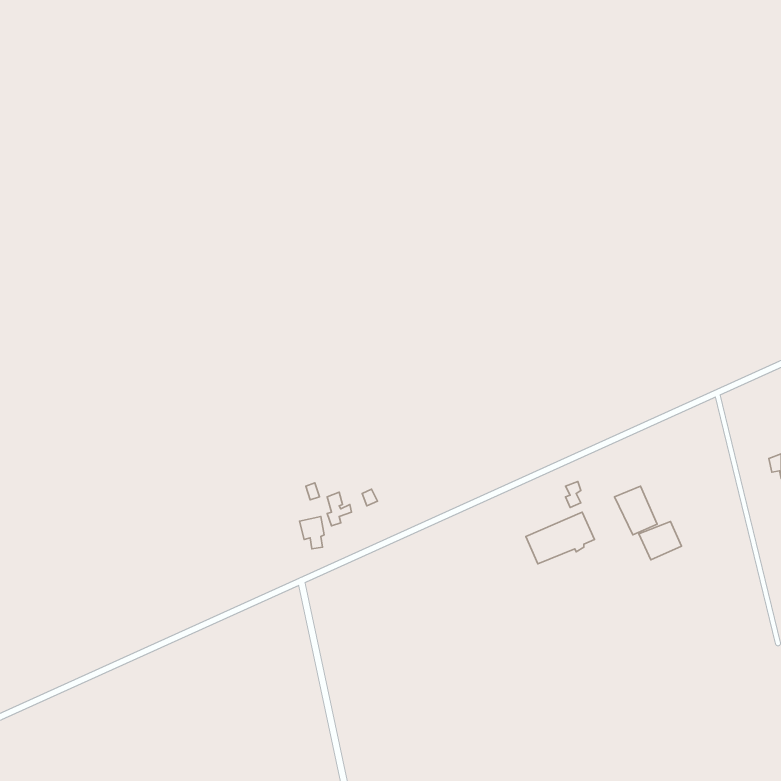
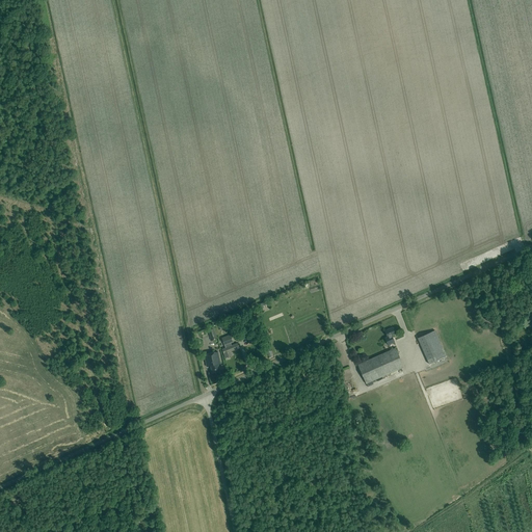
building: [639,522,681,560] -> none

